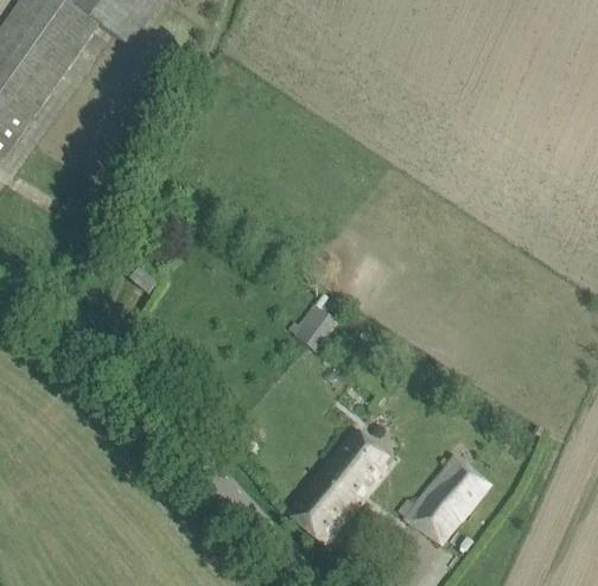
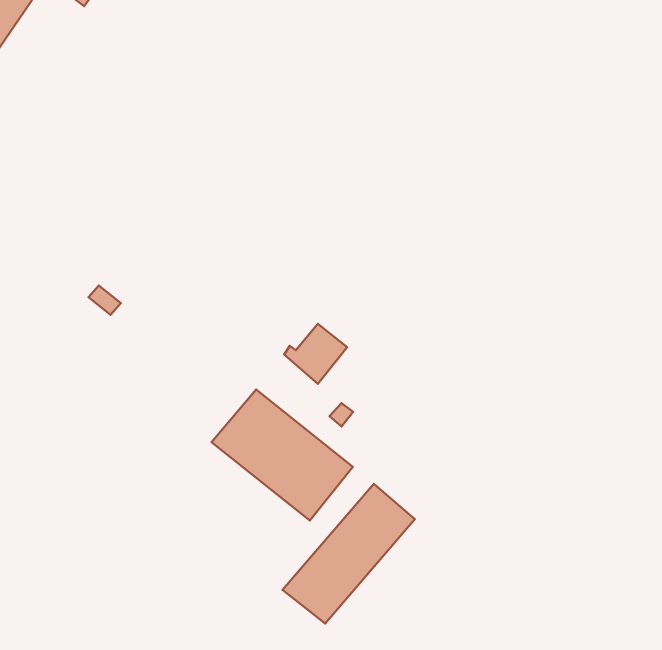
building: none -> [212,390,353,520]
building: [403,454,492,547] -> none

